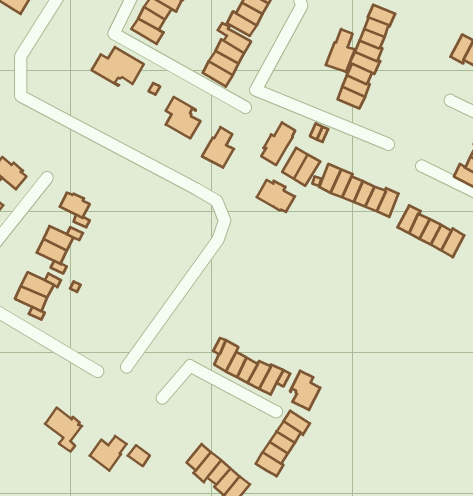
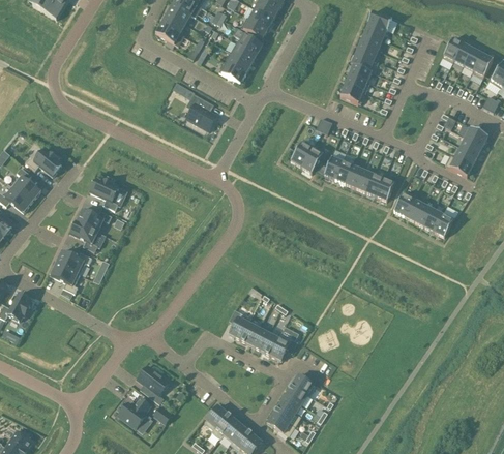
building: [326,29,355,72] -> none
building: [92,47,144,86] -> none
building: [261,122,295,165] -> none
building: [202,127,234,168] -> none
building: [257,180,295,212] -> none
building: [290,371,320,410] -> none
building: [45,408,82,451] -> [137,363,170,402]

